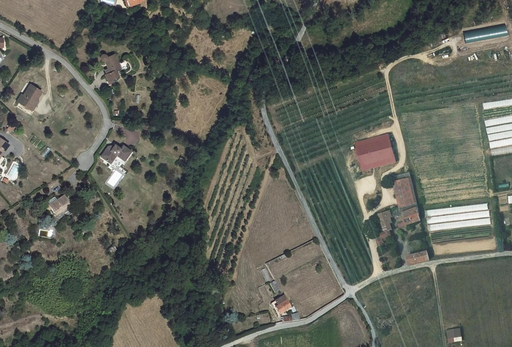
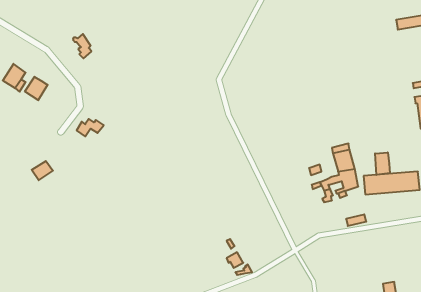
building: none -> [25,77,48,100]
building: [355,135,394,170] -> none
building: none -> [375,152,390,175]

